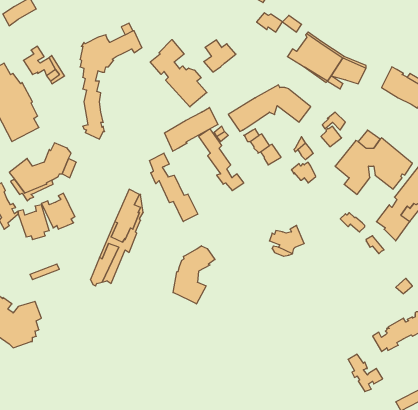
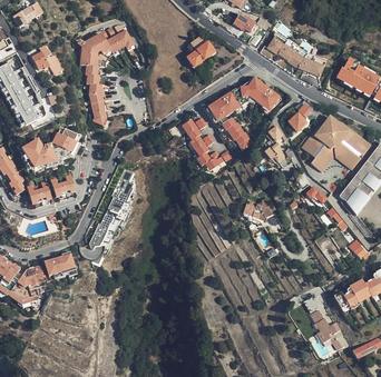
building: [150,40,207,107] -> none
building: [165,107,218,151] -> none
building: [150,153,198,222] -> none
building: [173,246,215,304] -> none
building: none -> [46,252,77,277]

